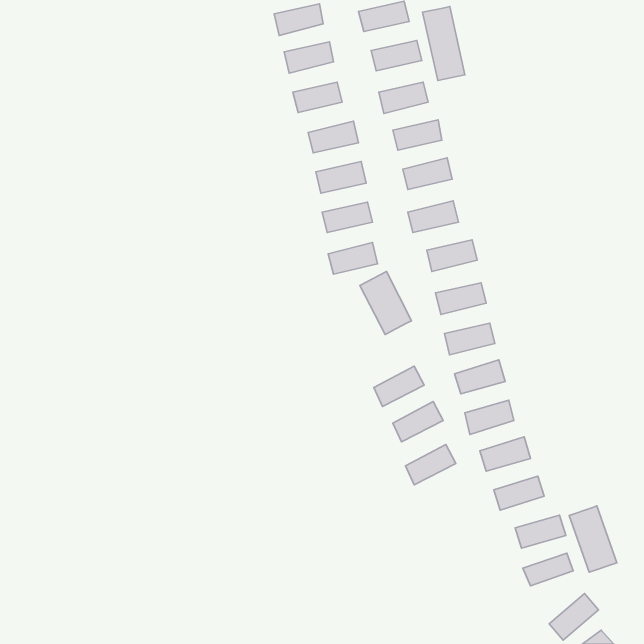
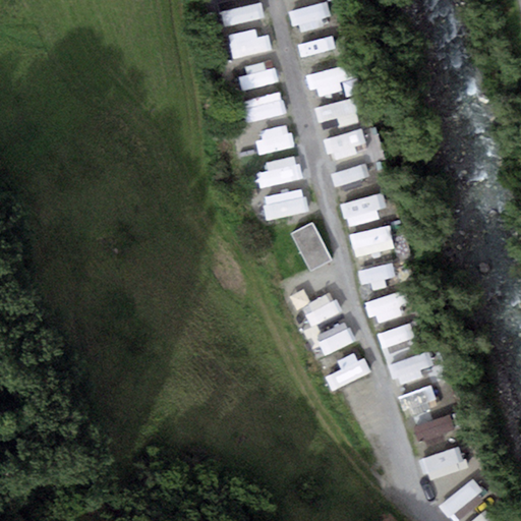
building: [423,6,465,81] -> none
building: [569,506,617,572] -> none

